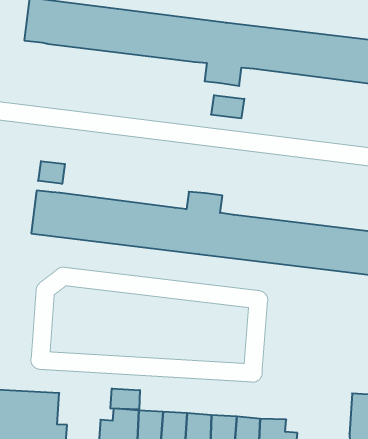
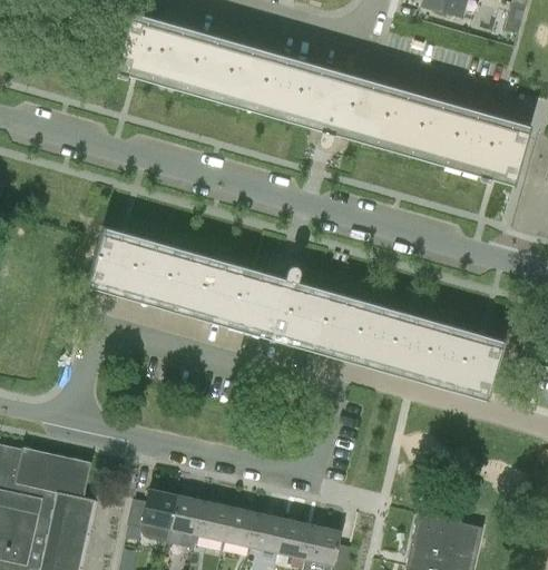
building: [211,95,244,118] -> none
building: [38,161,65,184] -> none
building: [111,388,140,409] -> none

